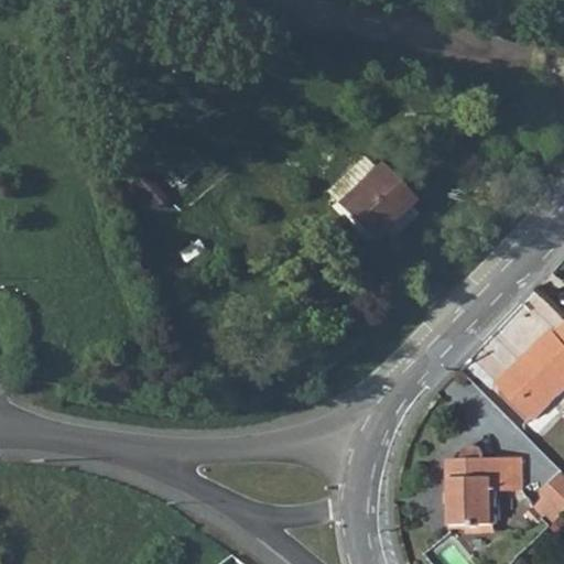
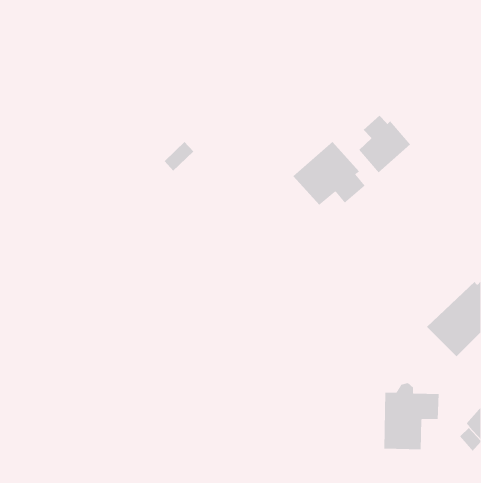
building: none -> [358,115,411,173]

